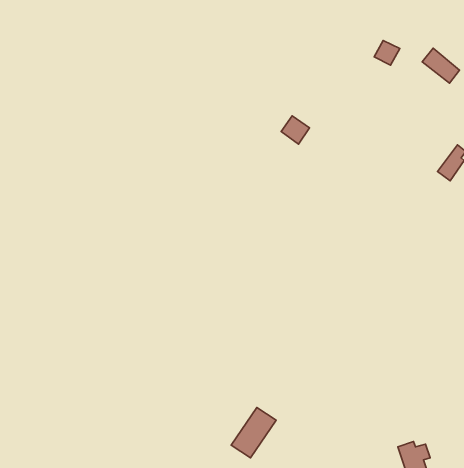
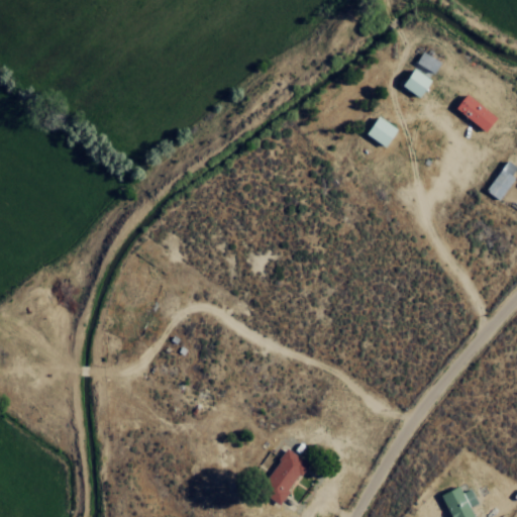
building: [422,48,460,83] -> [455,93,497,131]
building: none -> [402,68,431,97]
building: [281,116,310,144] -> [367,116,398,147]

